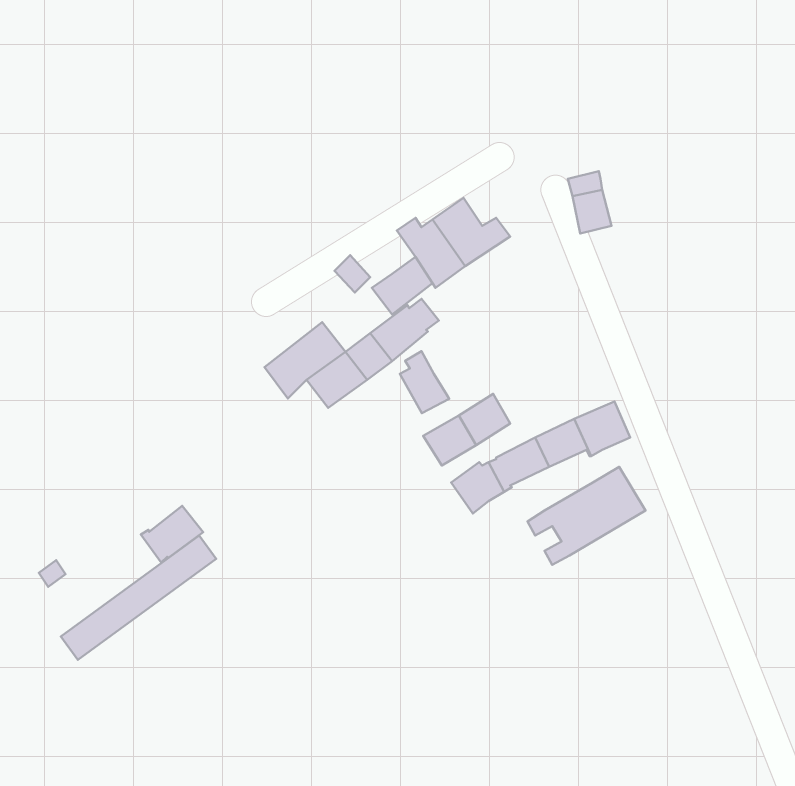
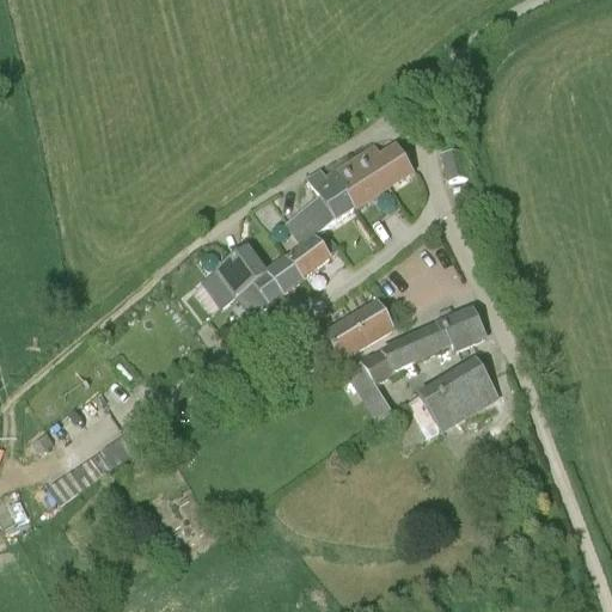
building: none -> [356,142,410,182]
building: [400,351,449,413] -> none
building: [141,506,203,562] -> none

